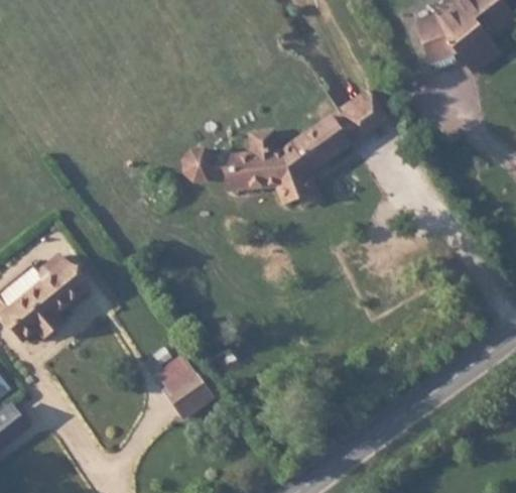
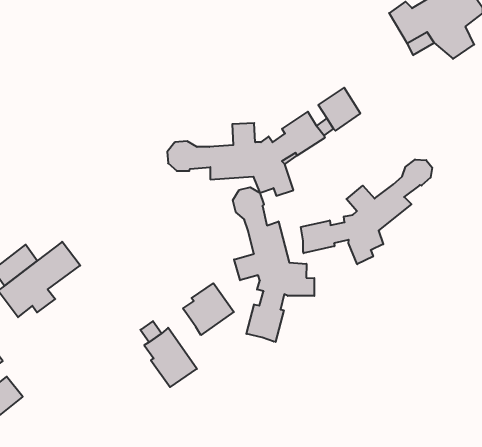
building: none -> [301,159,432,264]
building: none -> [233,187,314,342]
building: none -> [183,283,234,335]

